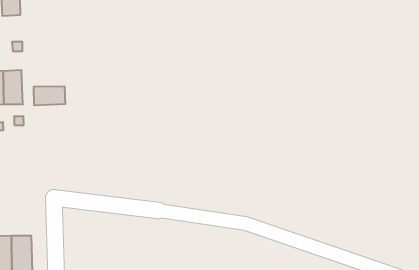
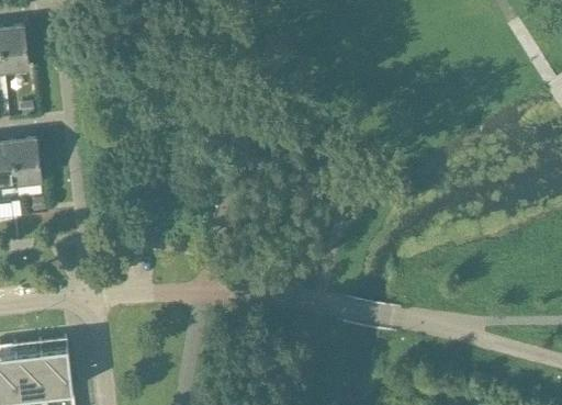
building: [34,86,65,105] -> none

